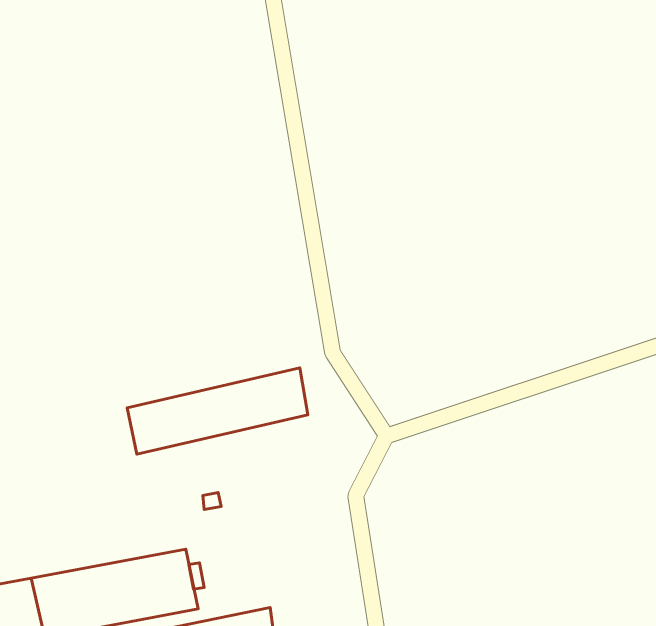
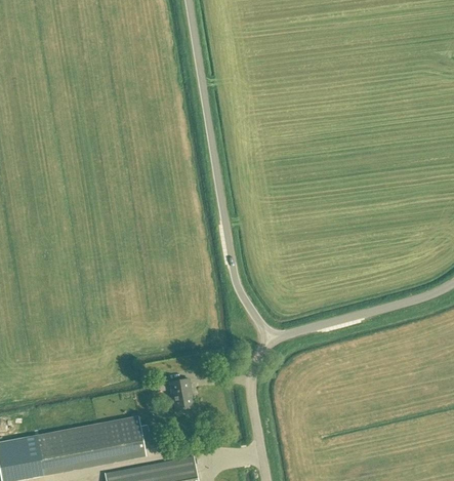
building: [127,368,308,454] -> none
building: none -> [169,379,191,412]

